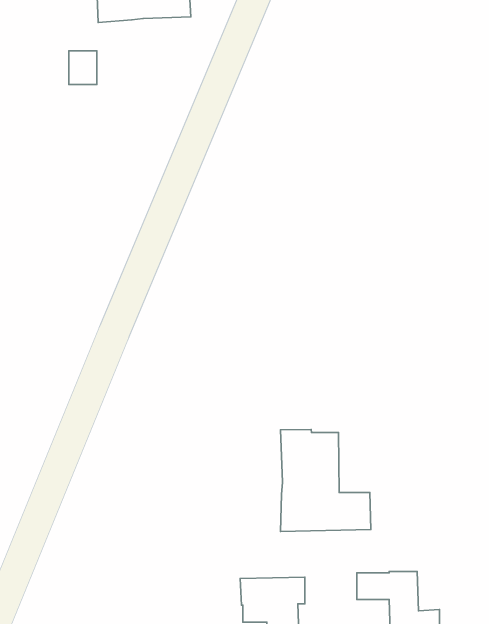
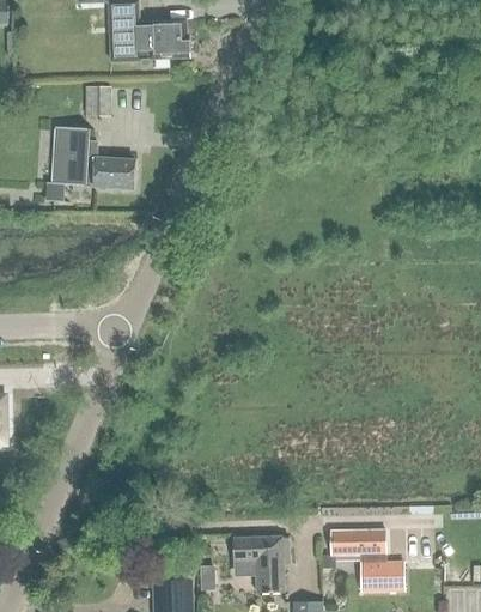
building: none -> [48,126,134,201]
building: [280,430,371,531] -> none

